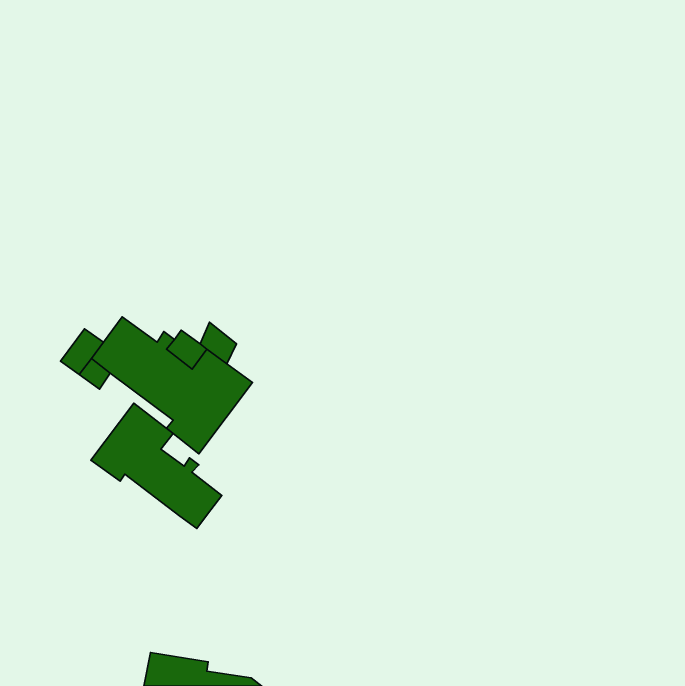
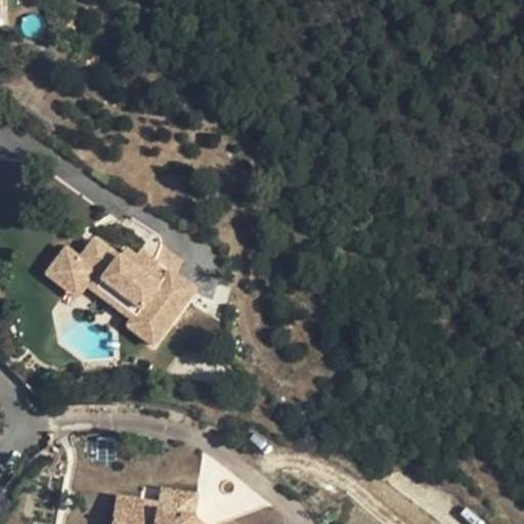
building: [91,403,222,528] -> none

